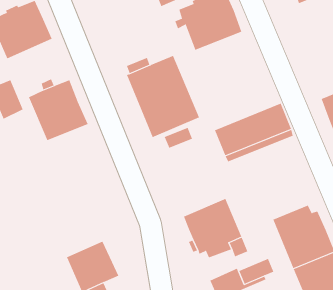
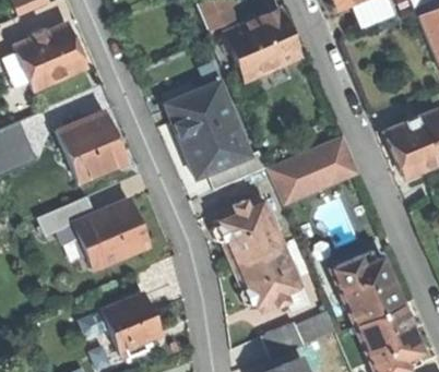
building: none -> [37,195,149,267]
building: none -> [213,196,282,265]

